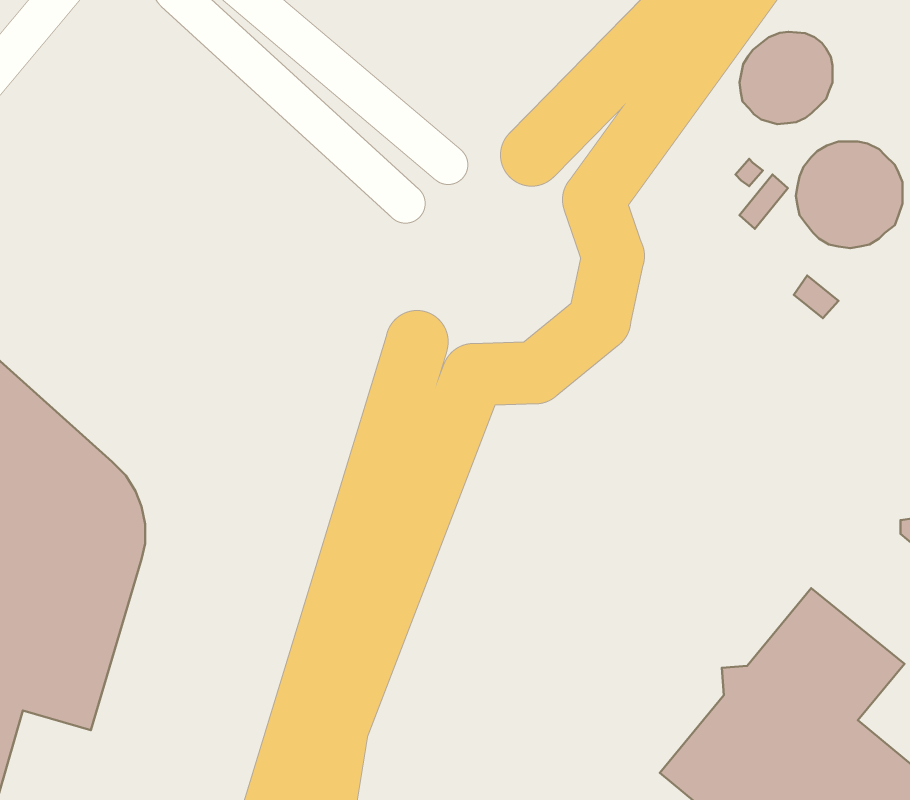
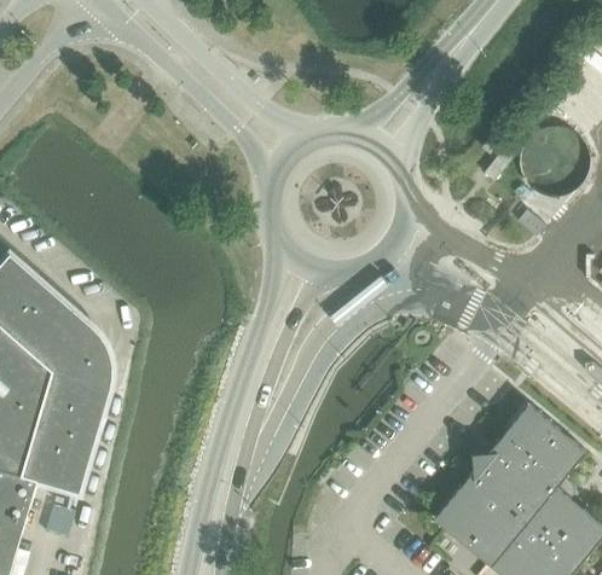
building: [740,32,833,124] -> none

